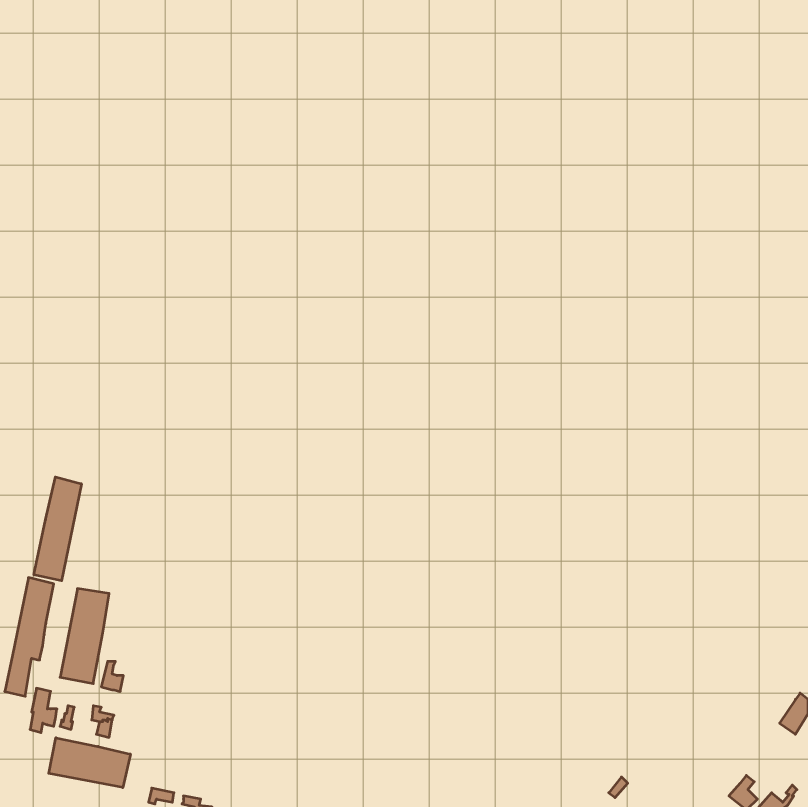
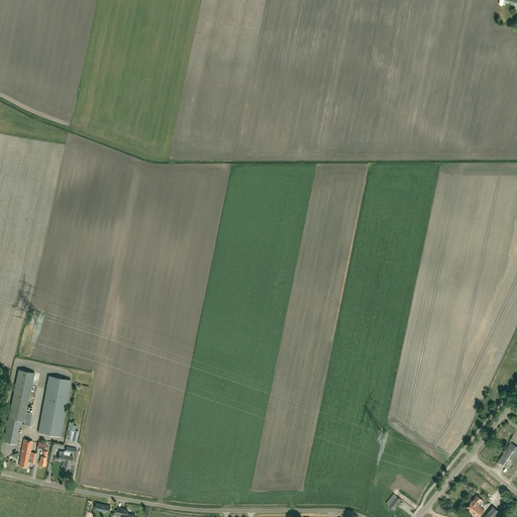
building: [34,477,81,581] -> none
building: [49,738,130,788] -> none

